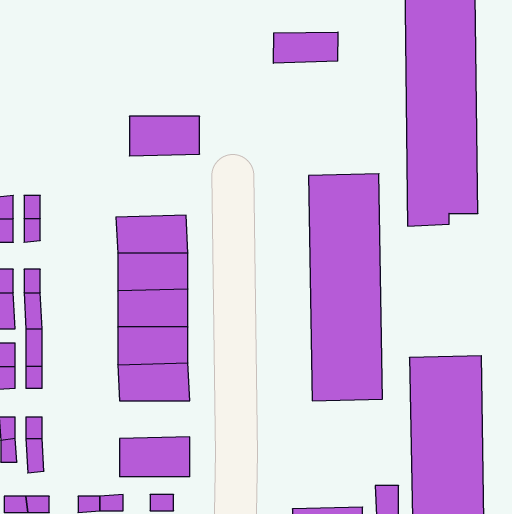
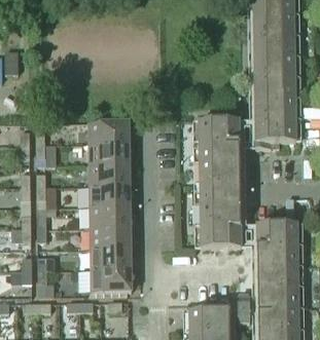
building: [273,32,338,63] -> none
building: [129,116,200,156] -> [88,120,129,143]
building: none -> [91,248,131,269]

